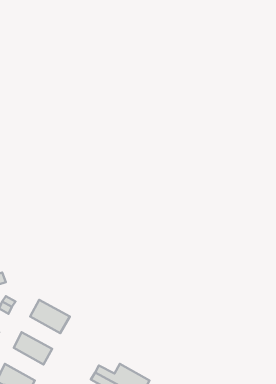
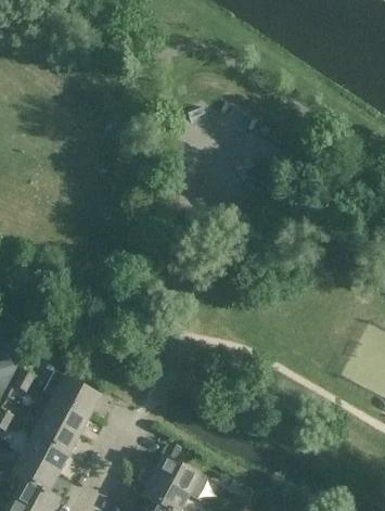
building: none -> [41,395,89,435]
building: none -> [21,434,68,474]

